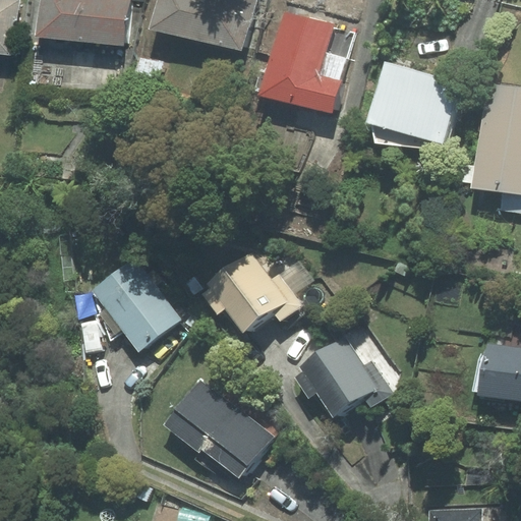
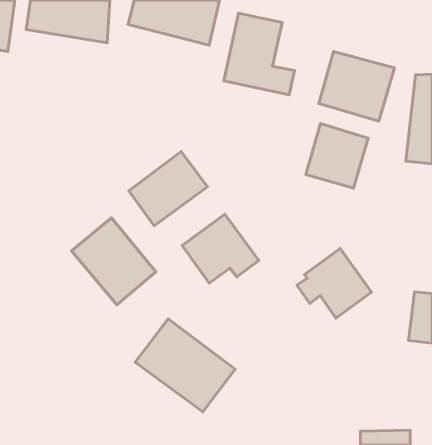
building: none -> [306,123,368,188]
building: none -> [129,152,207,226]
building: [289,336,377,417] -> [297,249,372,318]

